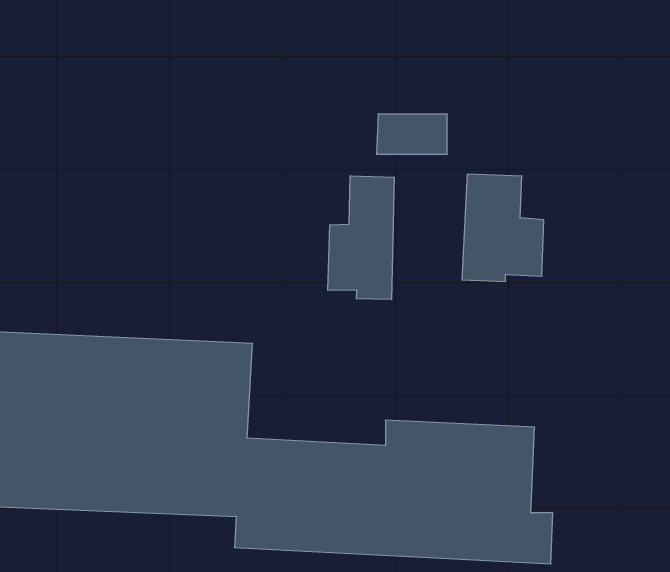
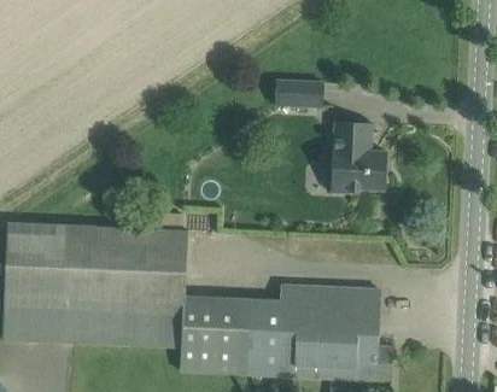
building: [328,176,394,300] -> none

